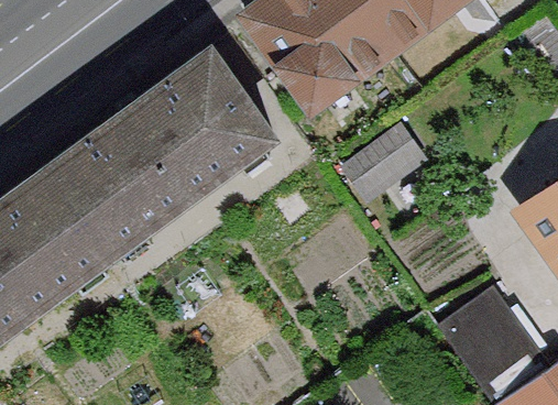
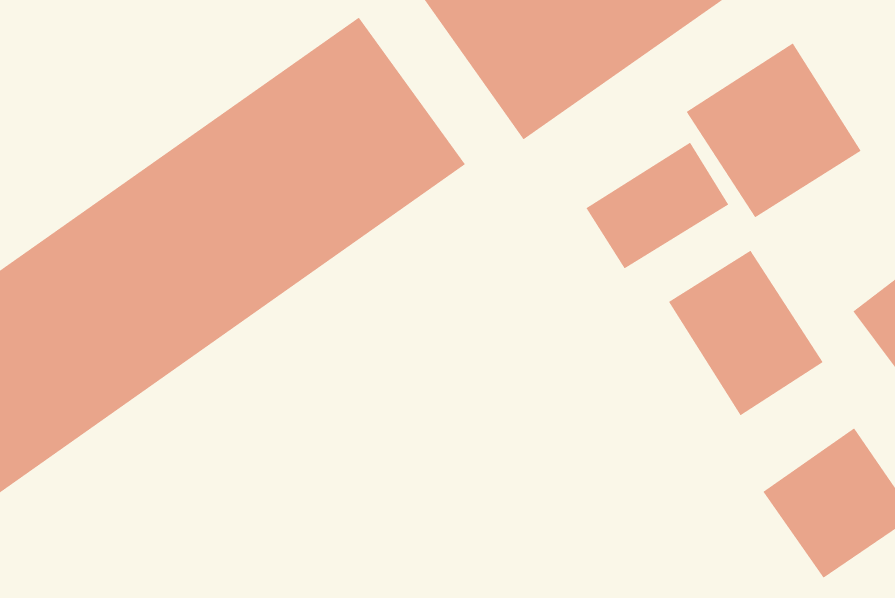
building: none -> [686,43,861,218]
building: none -> [668,250,823,416]

